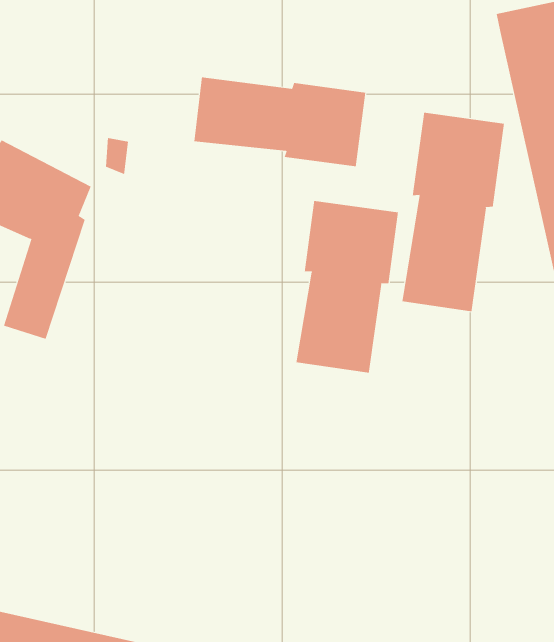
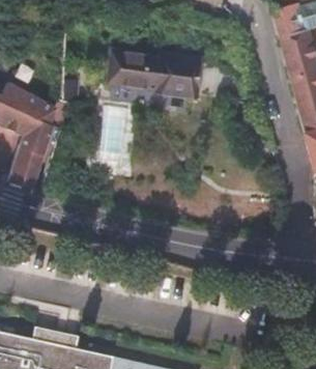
building: [402,112,505,312] -> none
building: [296,200,399,374] -> none

